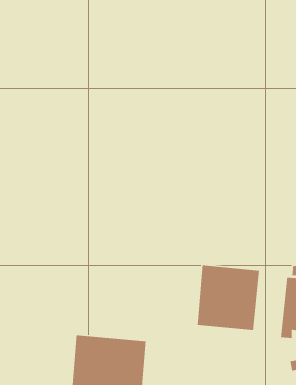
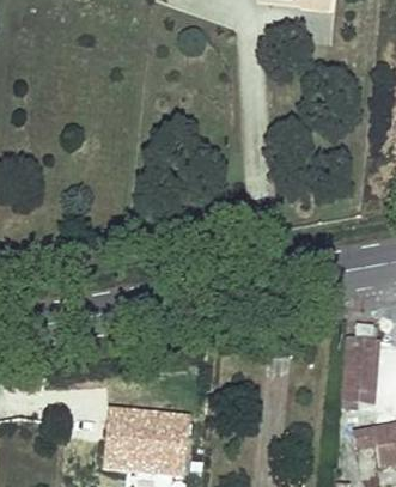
building: [197,264,260,331] -> none

